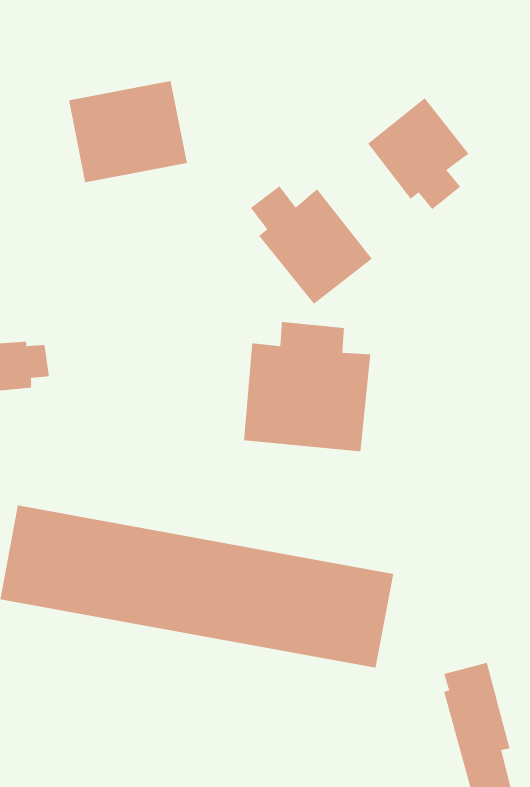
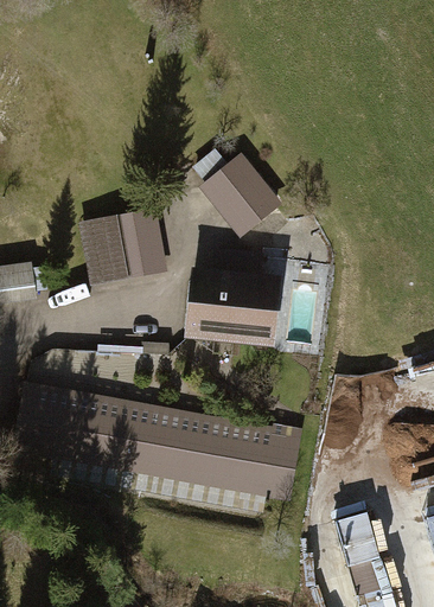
building: [68,80,188,183] -> [79,210,166,285]
building: [367,97,469,210] -> none

